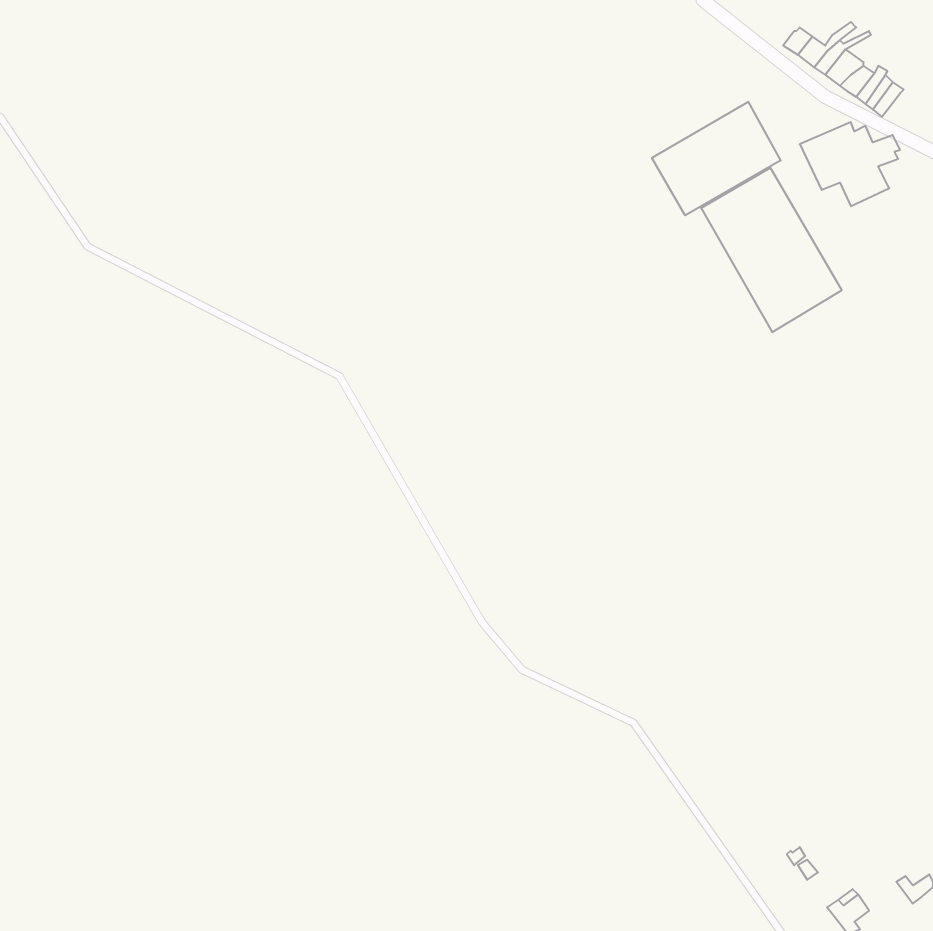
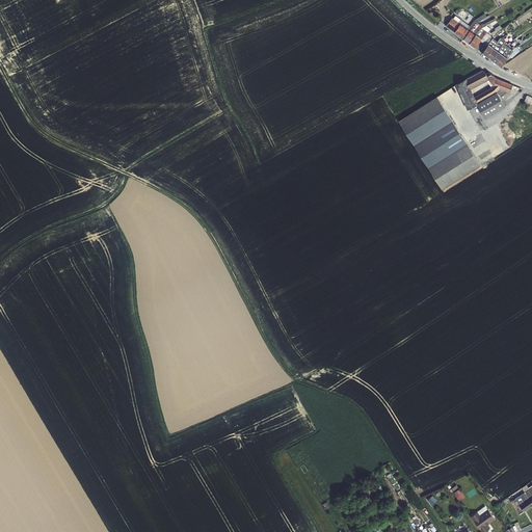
building: [652,102,781,215] -> none

